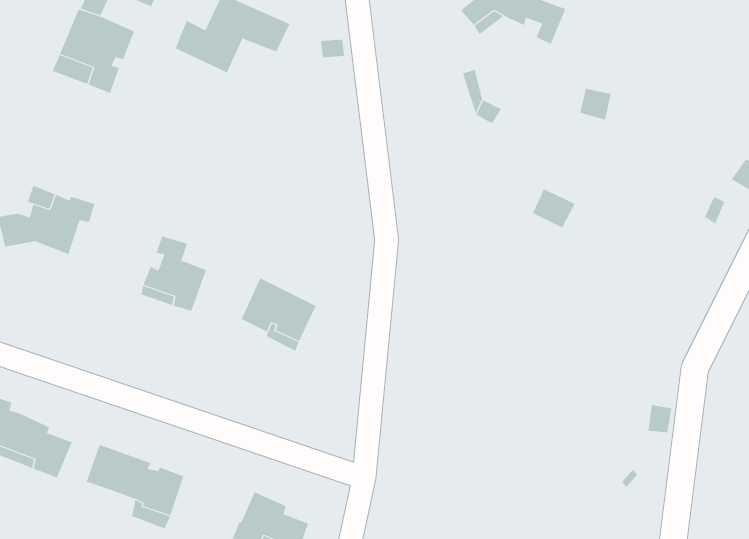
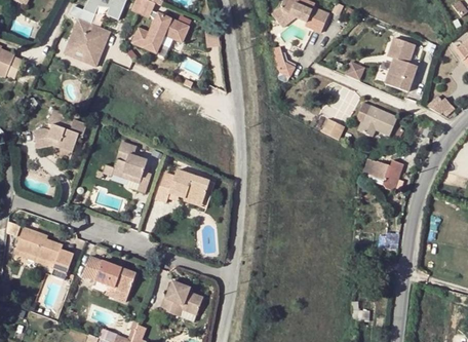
building: none -> [384,37,417,91]
building: none -> [358,104,398,136]
building: none -> [373,159,404,190]

